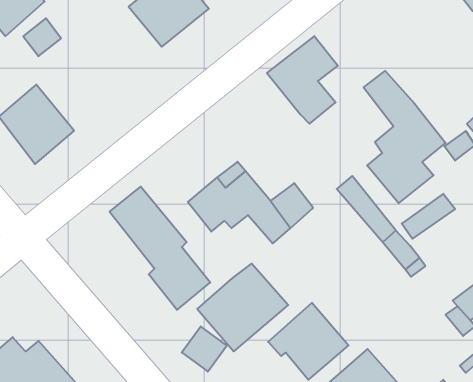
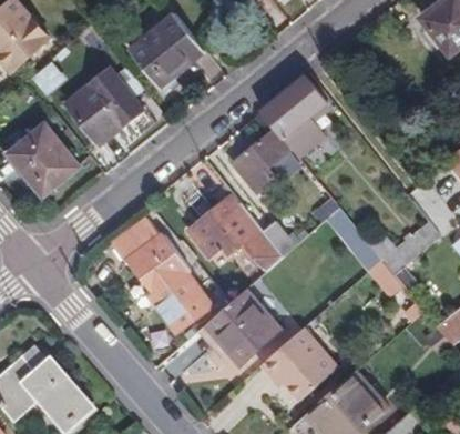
building: none -> [67,67,143,143]
building: [364,71,446,203] -> none
building: none -> [234,128,292,192]

